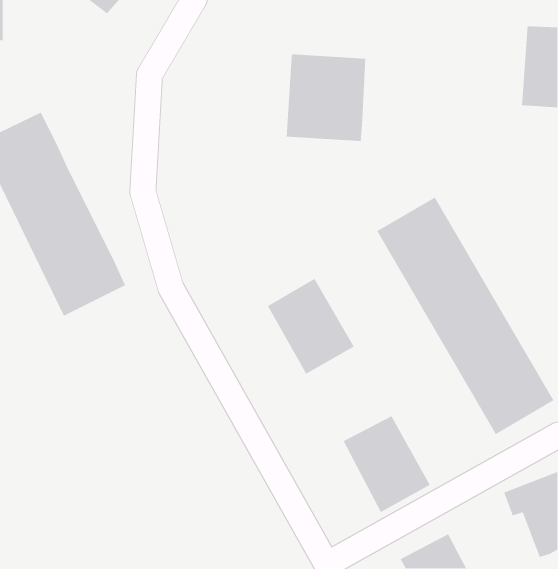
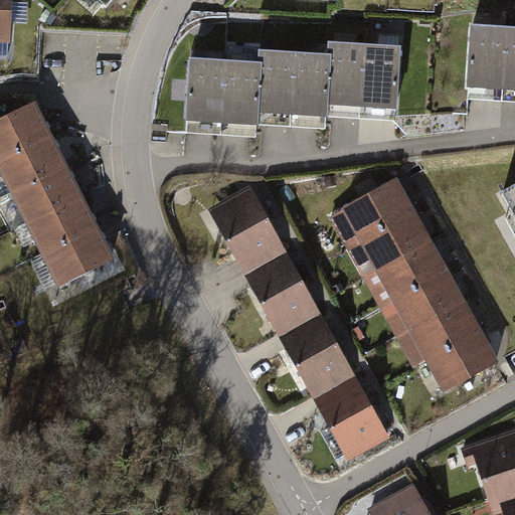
building: none -> [327,39,403,117]
building: none -> [189,56,262,138]
building: none -> [203,185,284,276]
building: none -> [276,313,353,397]

